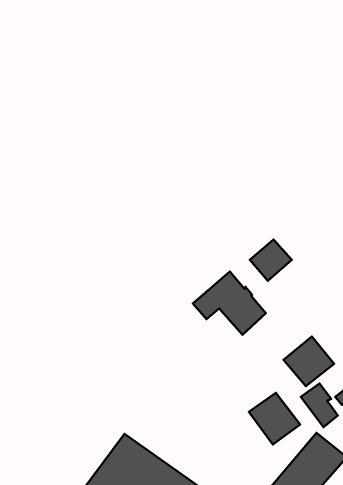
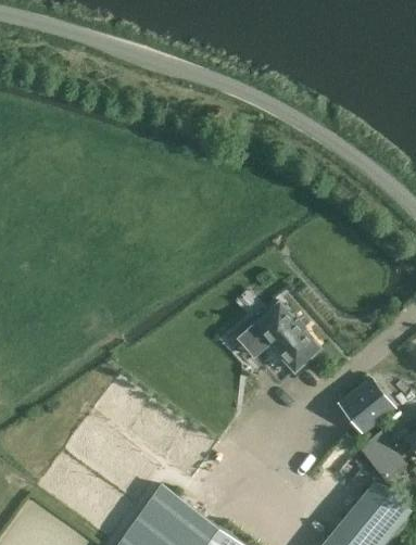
building: [250,240,292,281] -> none
building: [249,393,300,445] -> none

